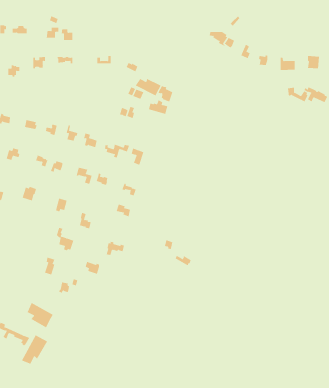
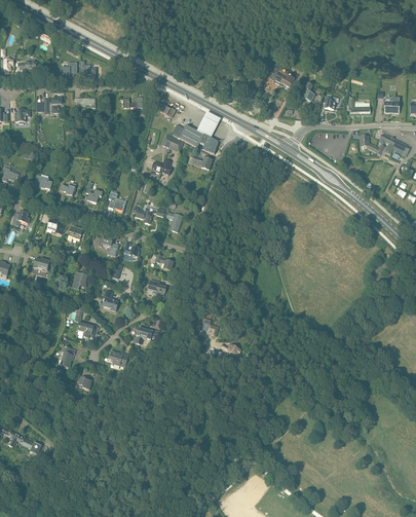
building: [27,302,53,328] -> none
building: [21,335,48,365] -> none

